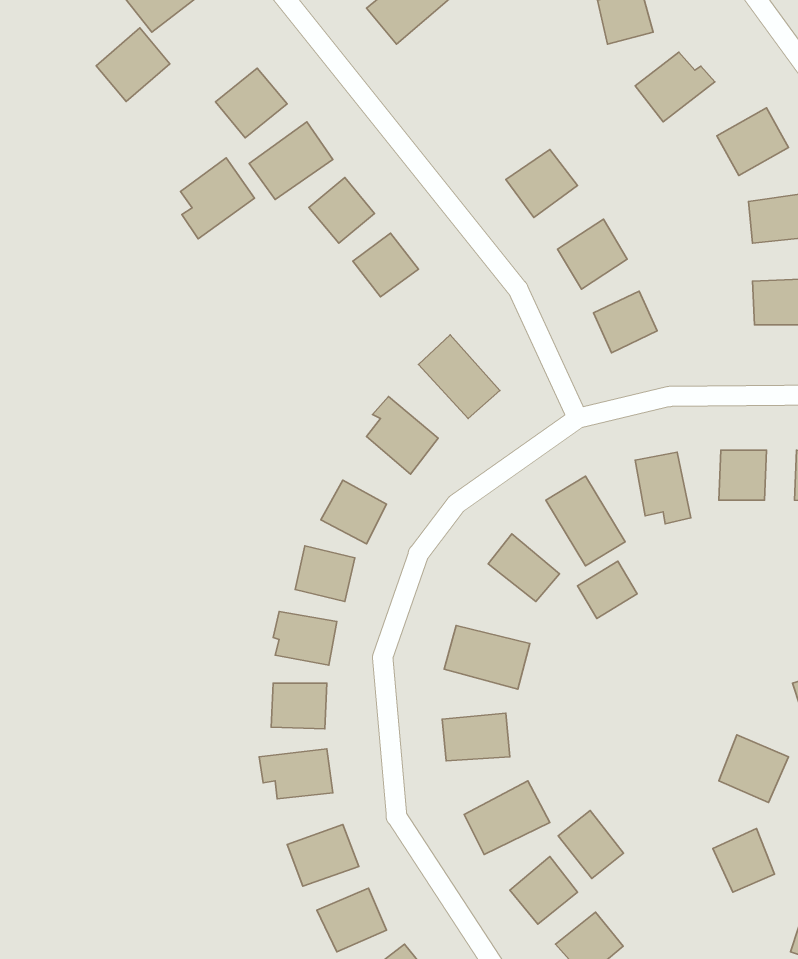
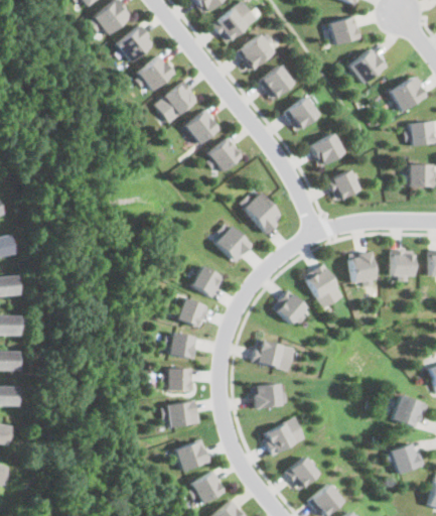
building: none -> [238,33,276,71]
building: [96,28,170,102] -> [117,25,154,62]
building: none -> [260,64,295,100]
building: [180,158,254,239] -> none
building: [577,561,637,618] -> none
building: [558,811,624,879] -> none

